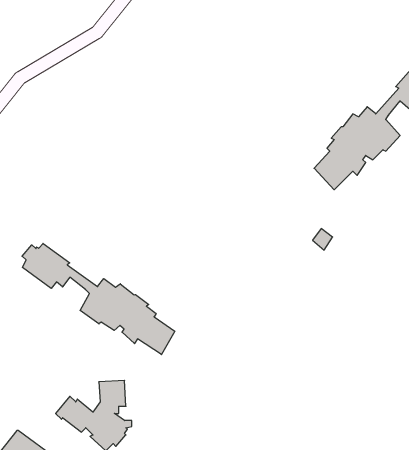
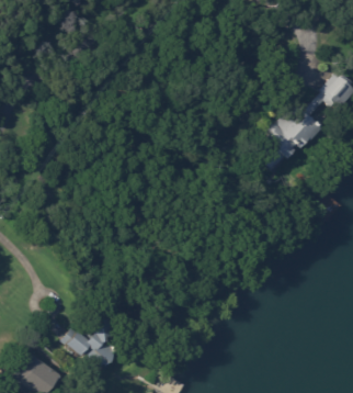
building: [22,243,175,355] -> none

